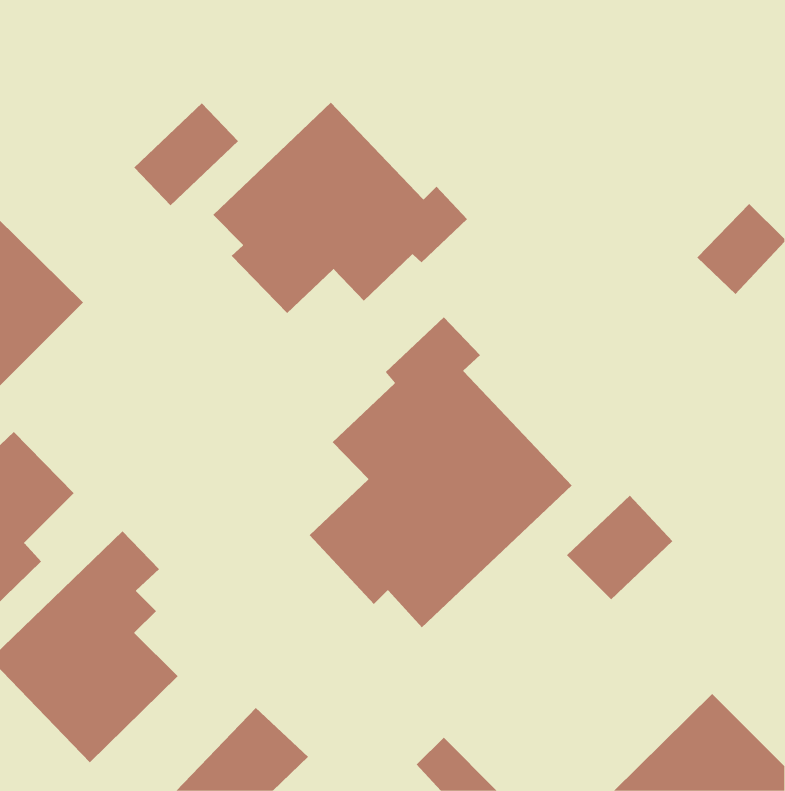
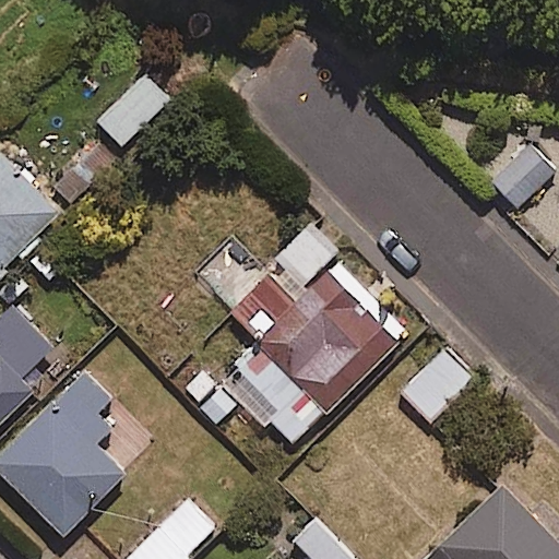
building: [212,102,468,314] -> none

